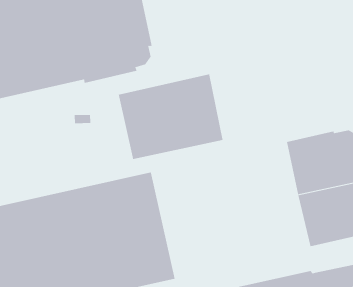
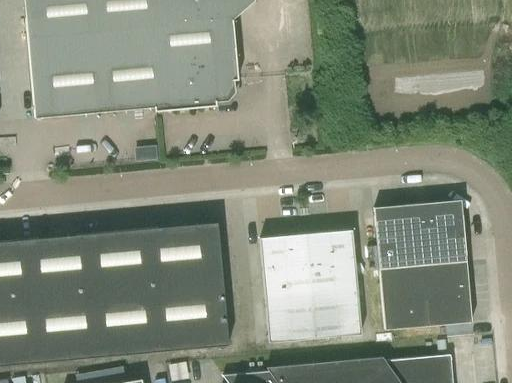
building: [118,74,223,160] -> none
building: none -> [260,230,361,342]

